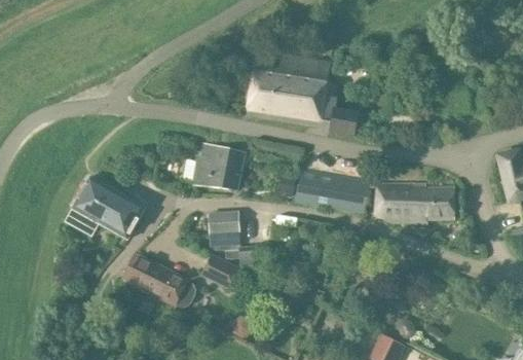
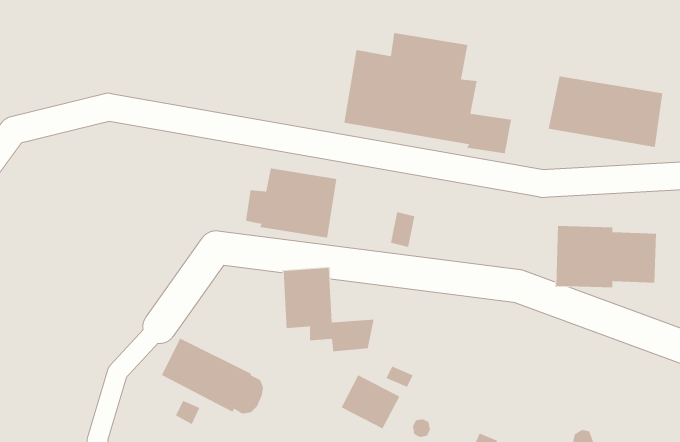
building: [294,168,370,215] -> [548,76,663,148]
building: [64,176,145,239] -> none
building: [200,252,239,288] -> [341,375,400,429]

